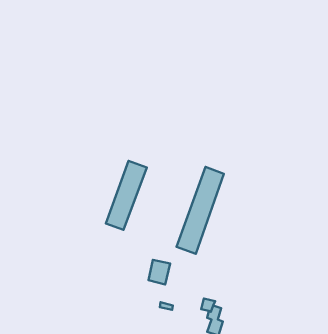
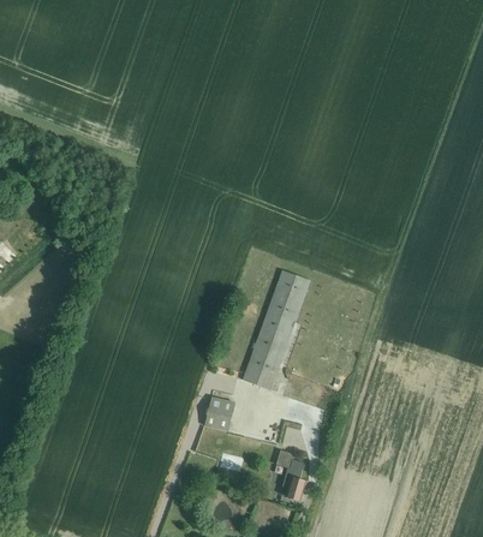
building: [106,161,147,230] -> none

